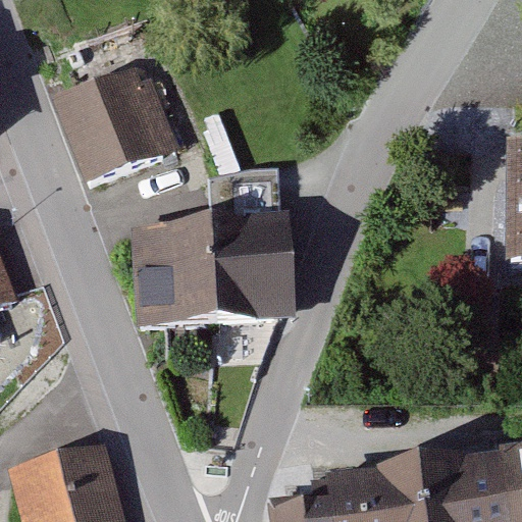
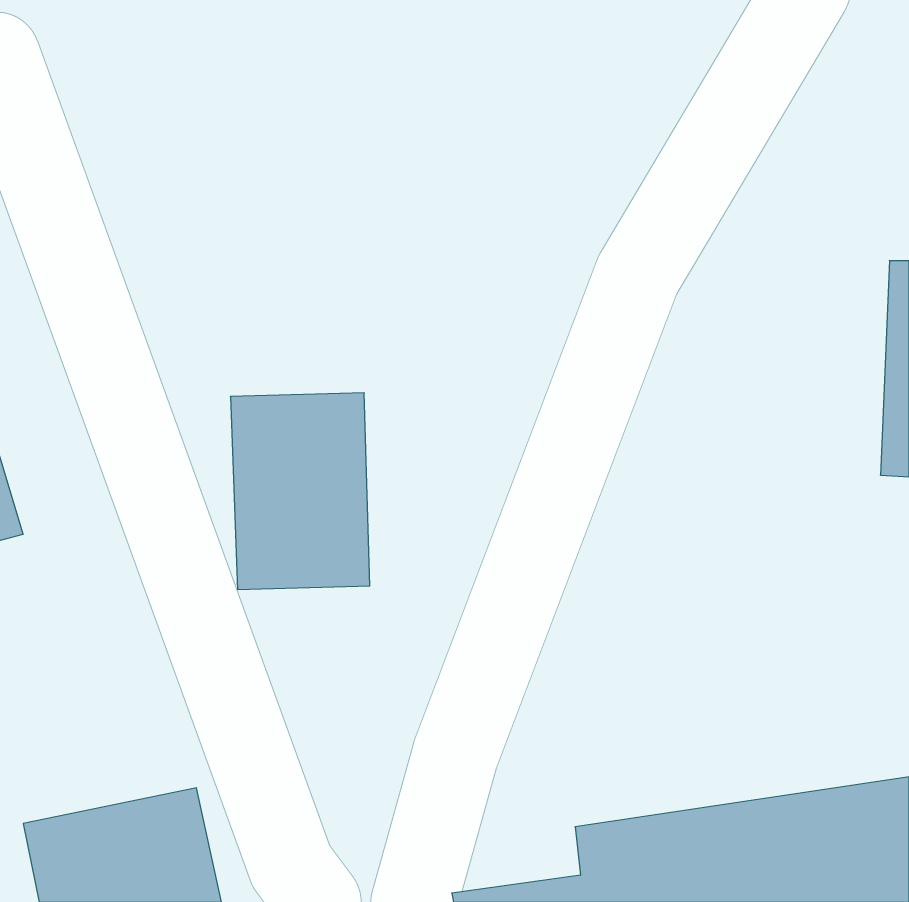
building: [67,69,187,187] -> none
building: [208,222,288,334] -> none

